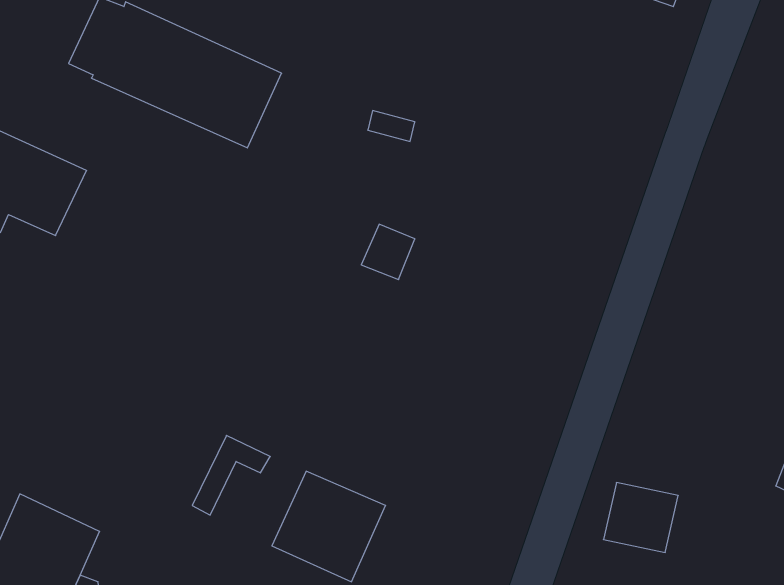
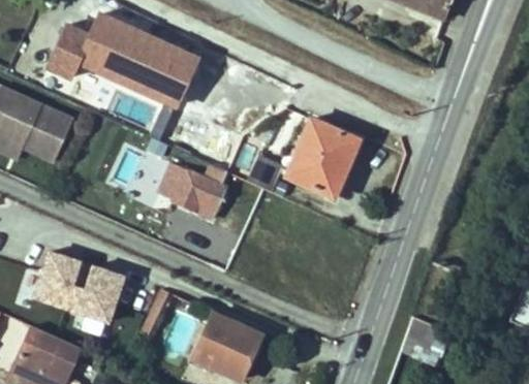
building: none -> [285,119,357,196]
building: none -> [139,149,226,219]
building: none -> [35,250,126,335]

